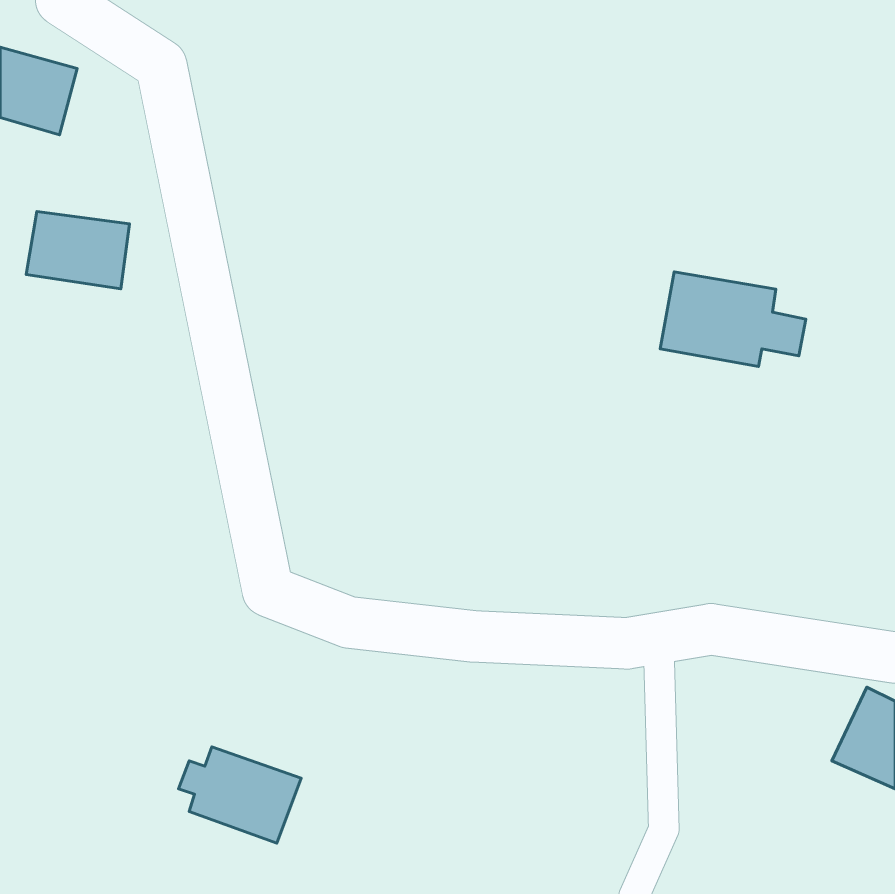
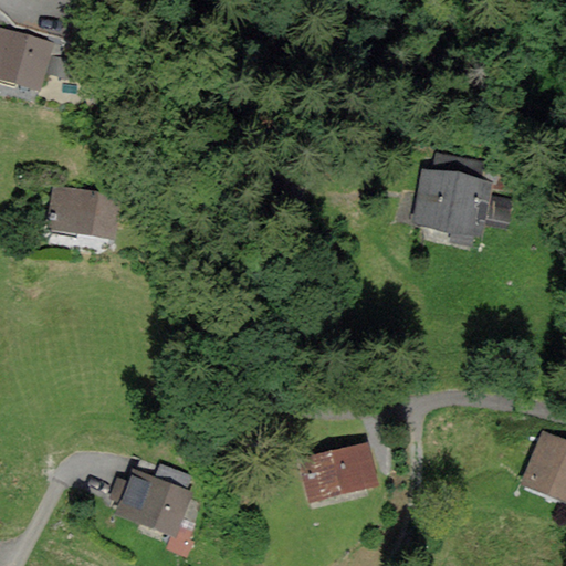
building: [26,212,130,289] -> [51,189,116,238]
building: none -> [302,446,375,500]

